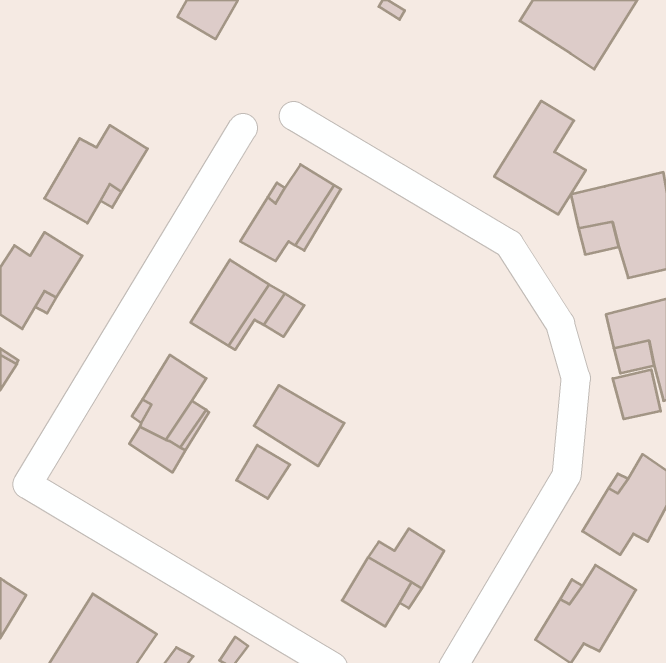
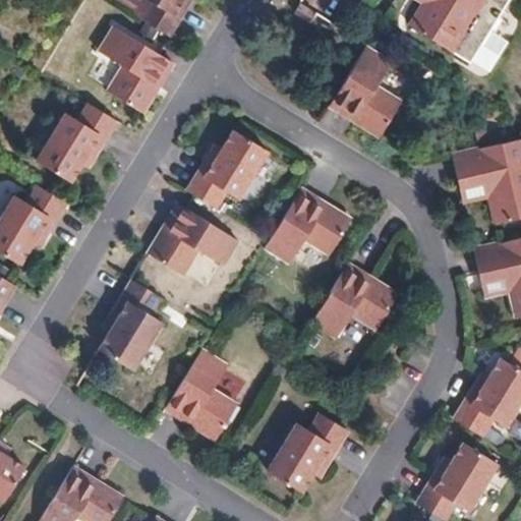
building: none -> [99,26,172,110]
building: [494,101,586,214] -> [330,45,401,133]
building: none -> [267,191,353,266]
building: none -> [314,267,399,342]
building: [613,370,661,419] -> none
building: [254,385,344,466] -> [166,378,236,441]

